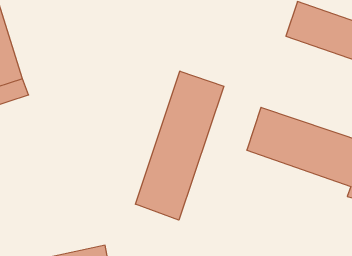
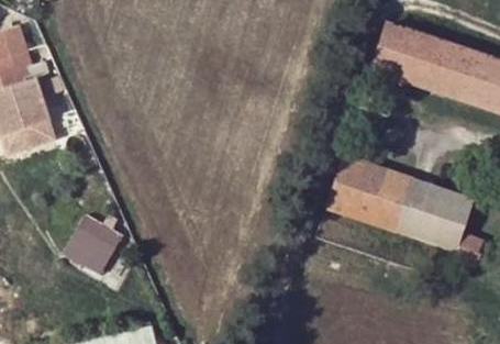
building: [135,71,224,220] -> none
building: none -> [68,211,127,270]

